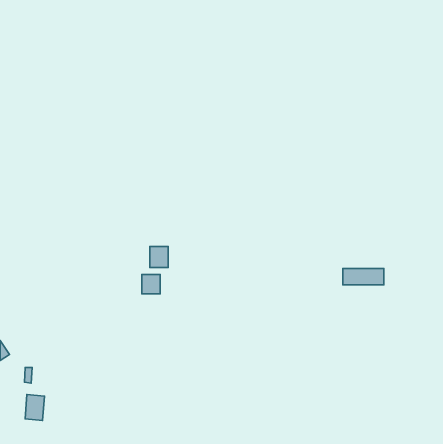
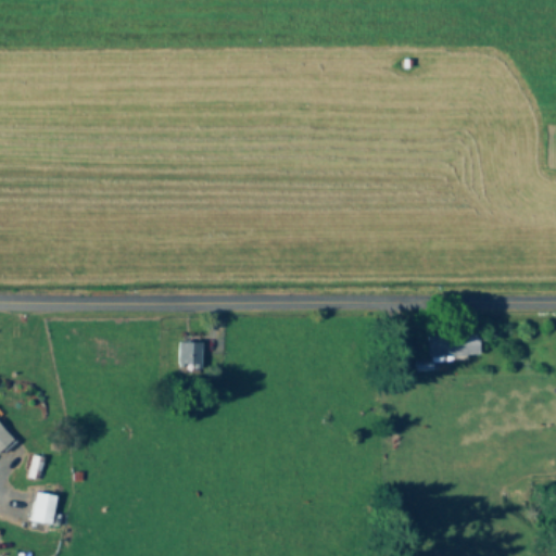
building: [150,247,168,268] -> none

